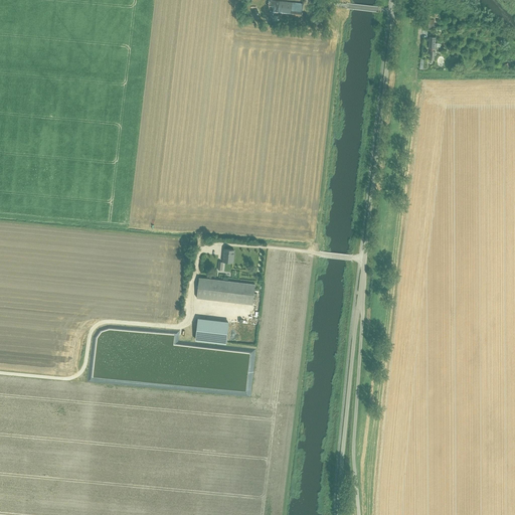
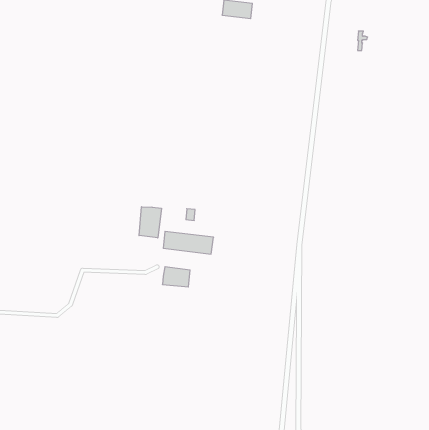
building: none -> [139,207,161,238]

